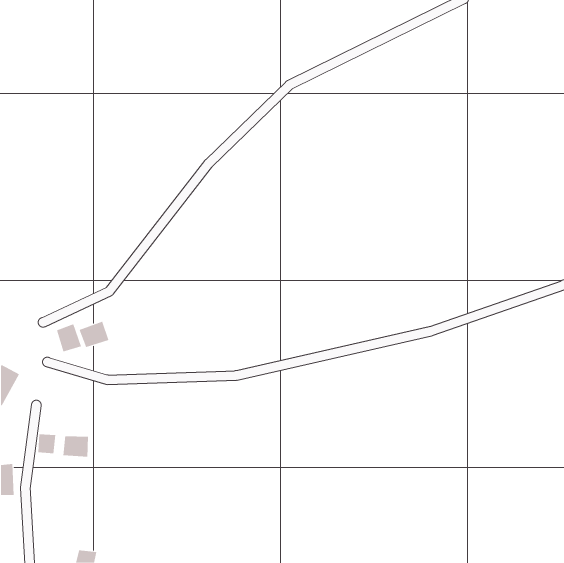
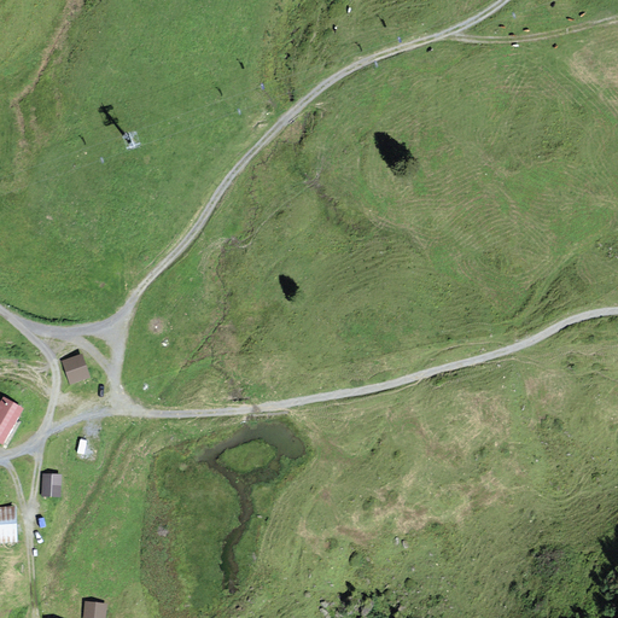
building: [79,321,109,348] -> none
building: [63,435,88,457] -> none

